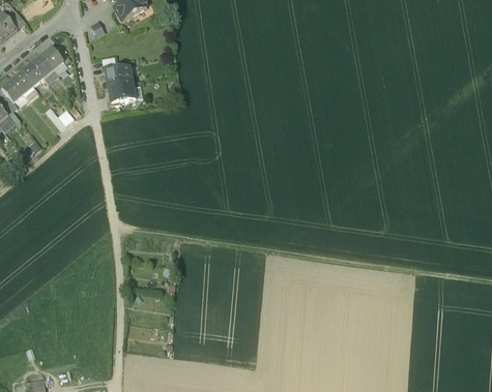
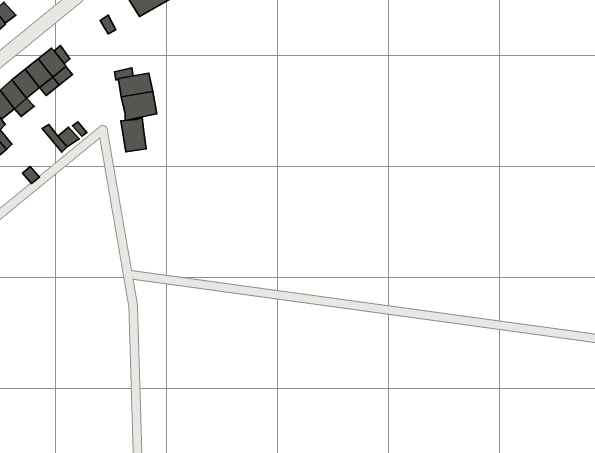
building: none -> [121,117,146,152]

